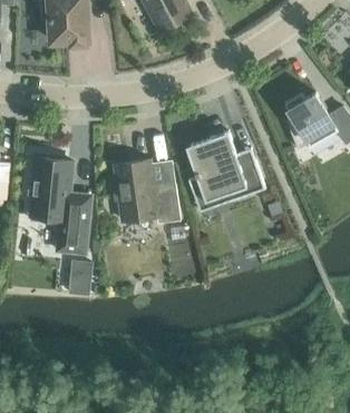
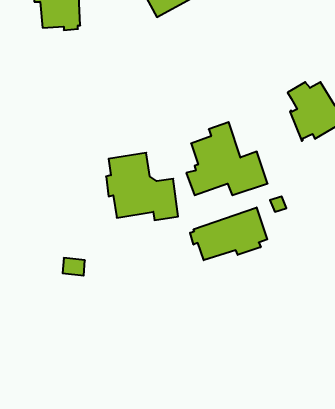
building: [28,157,90,253] -> none
building: none -> [190,207,267,260]

